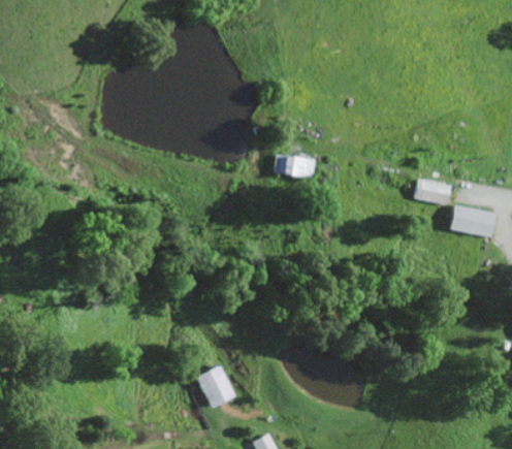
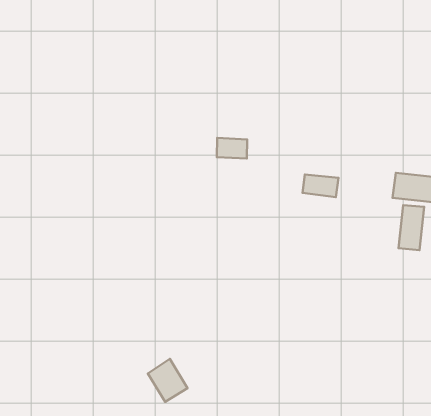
building: [414,180,450,204] -> [302,174,338,197]
building: none -> [399,205,424,250]

